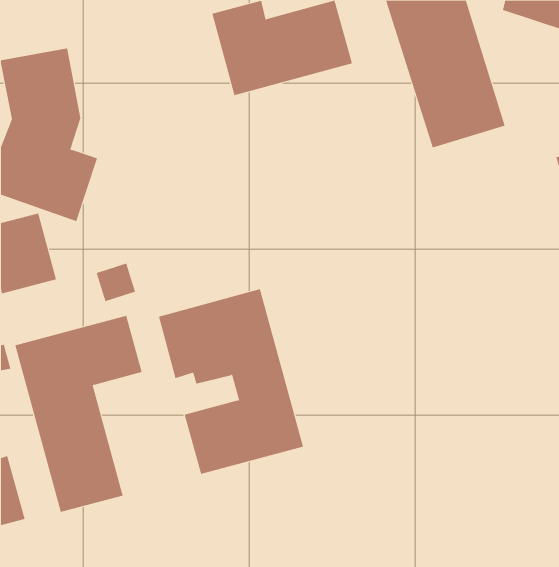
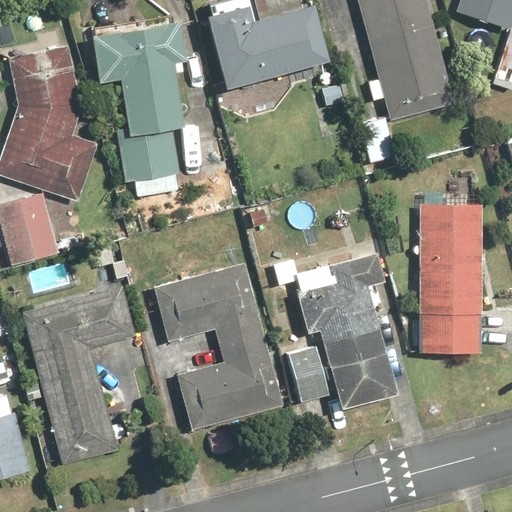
building: none -> [83,21,181,198]
building: none -> [420,206,490,361]
building: none -> [275,251,390,405]

